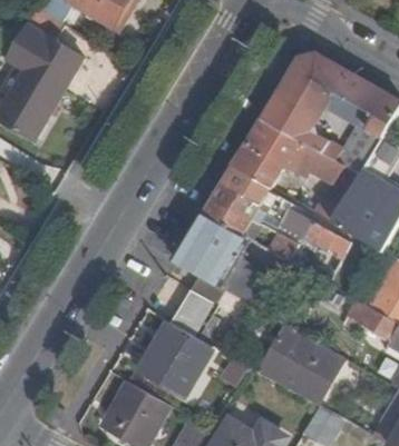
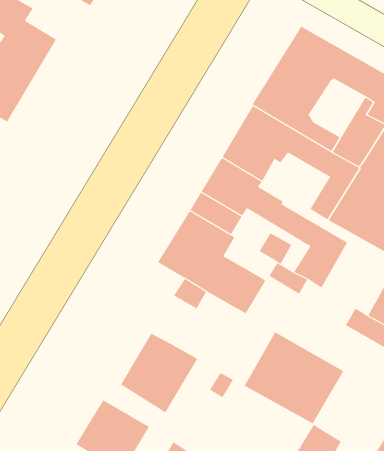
building: [168,288,210,334] -> none

